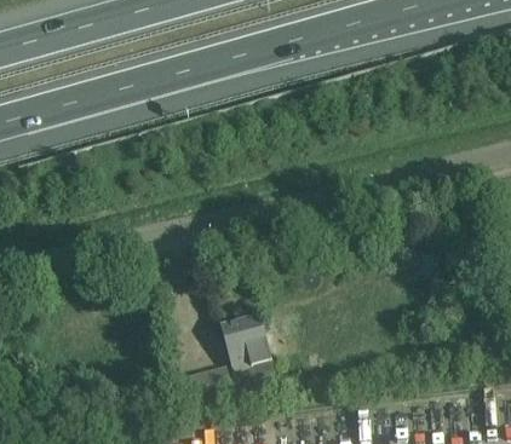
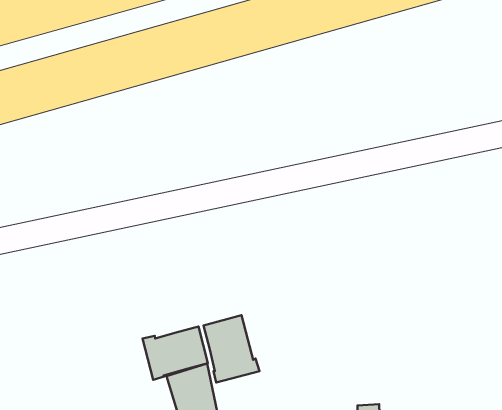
building: none -> [142,327,208,380]

